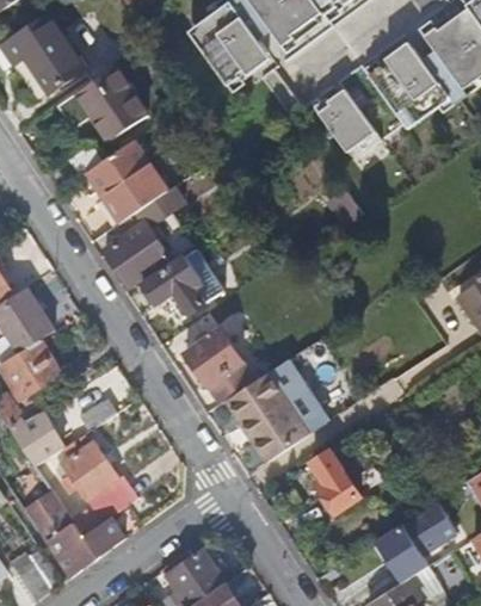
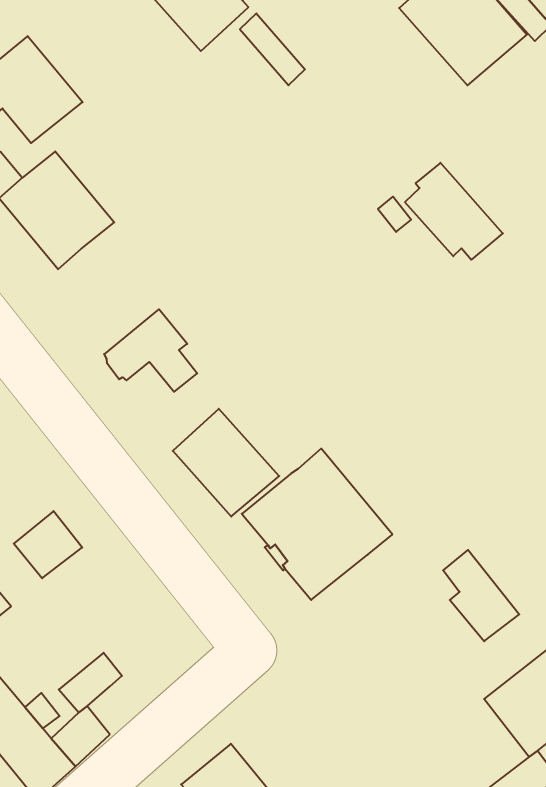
building: [316,89,380,156] -> [405,163,503,260]
building: [105,187,185,285] -> none
building: [63,441,121,500] -> none
building: [313,450,360,512] -> [443,550,519,641]

